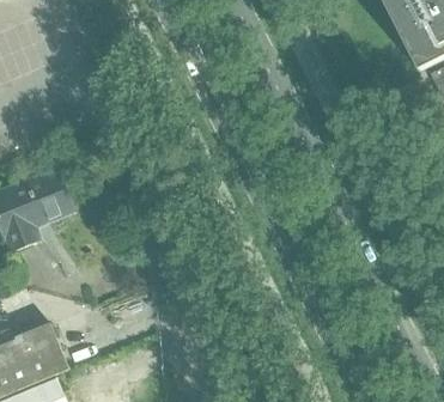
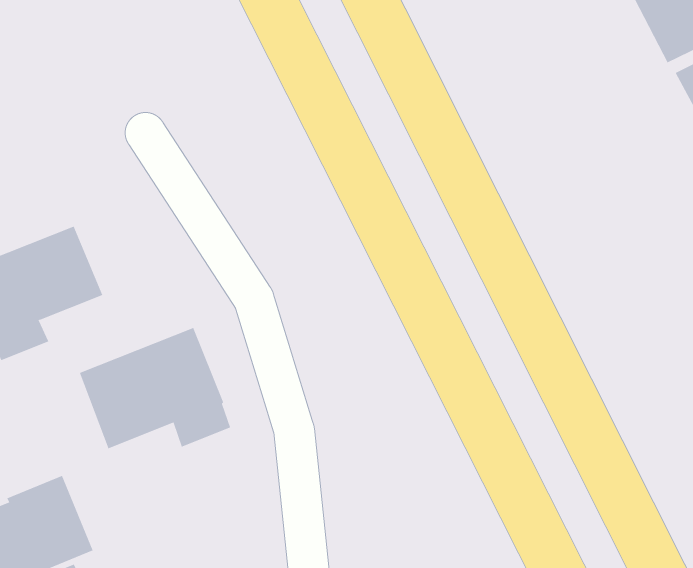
building: none -> [79,327,231,449]

